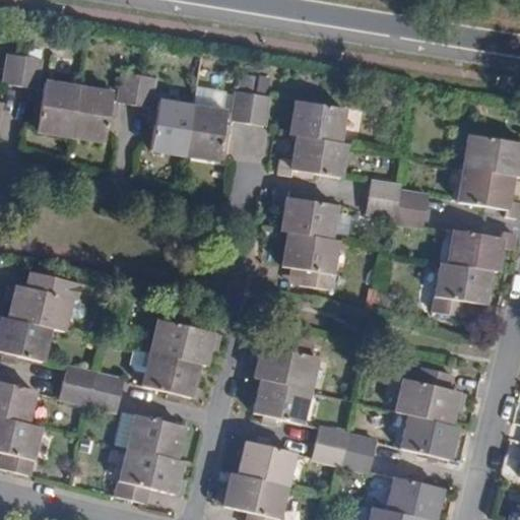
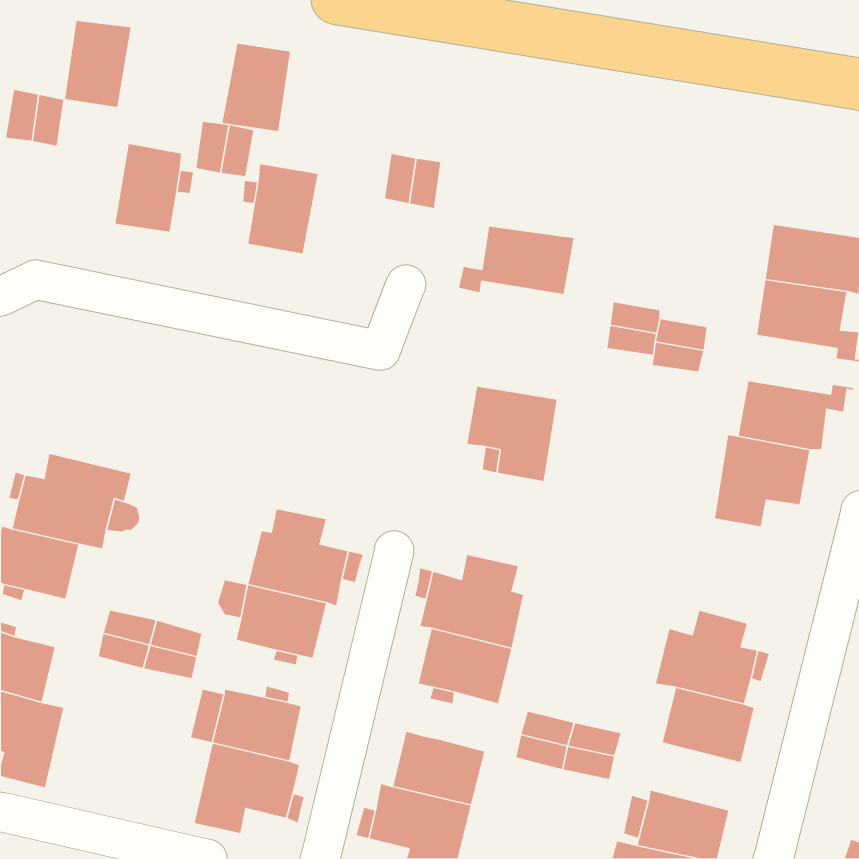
building: [38,82,78,135] -> [64,20,131,108]
building: [290,102,345,142] -> none
building: [184,105,225,158] -> [222,43,291,132]
building: [273,189,336,240] -> none

